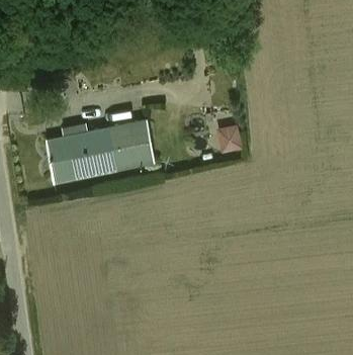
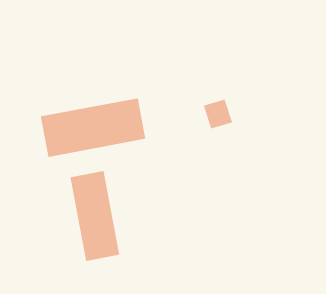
building: none -> [70,170,120,262]

